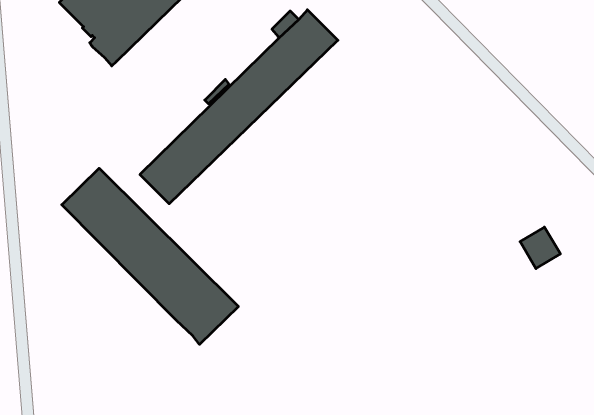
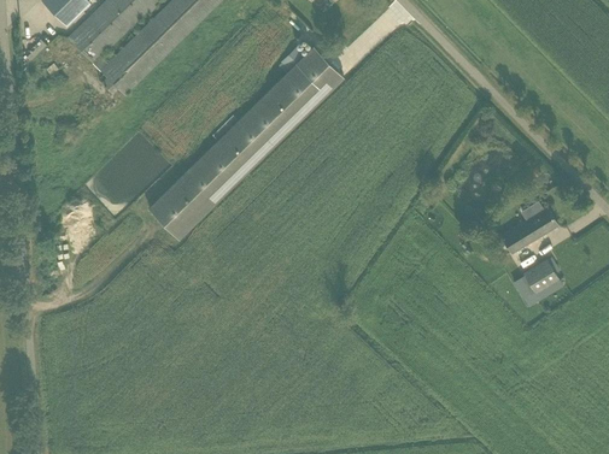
building: [62,168,238,344] -> none
building: none -> [499,208,556,254]

